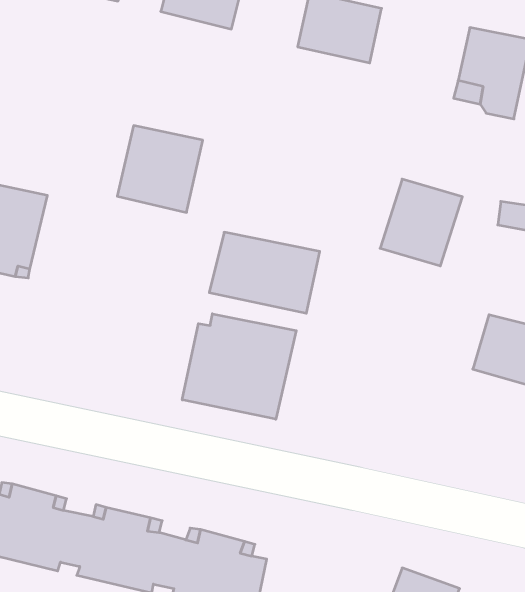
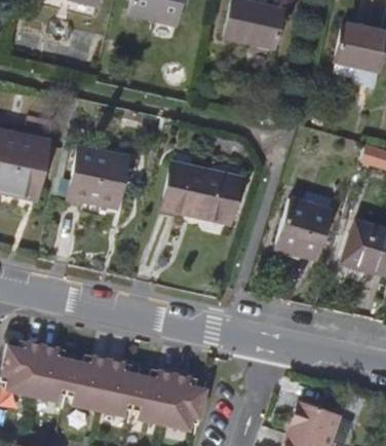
building: [117,126,203,212] -> [69,146,128,207]
building: [380,179,462,266] -> [277,198,335,259]
building: [182,314,296,419] -> none

